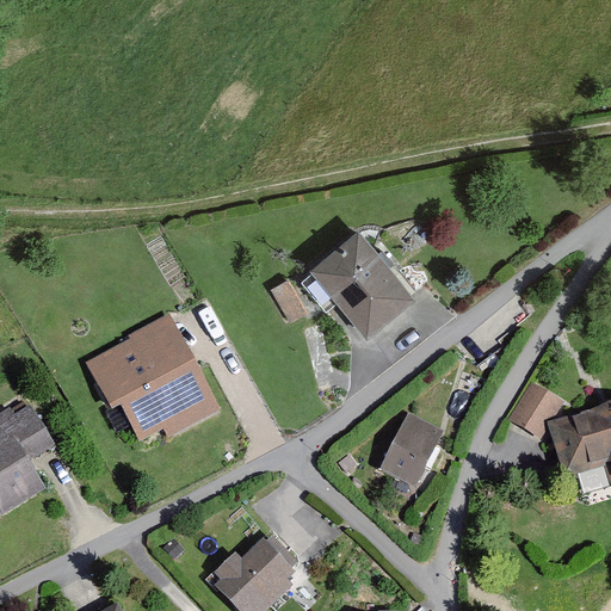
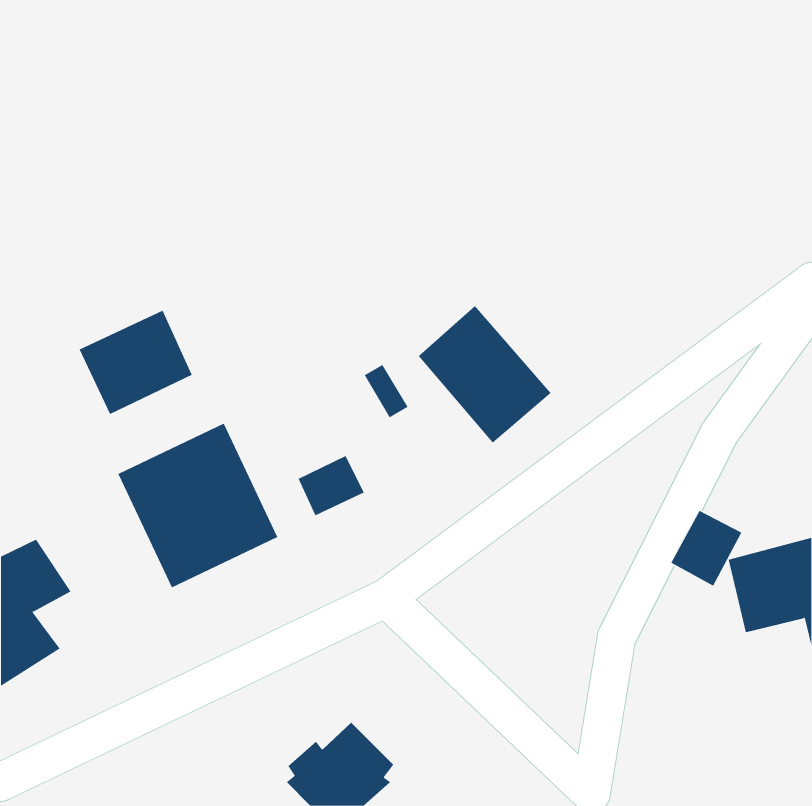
building: none -> [79,310,193,415]
building: none -> [298,455,365,516]
building: [382,418,439,483] -> none

